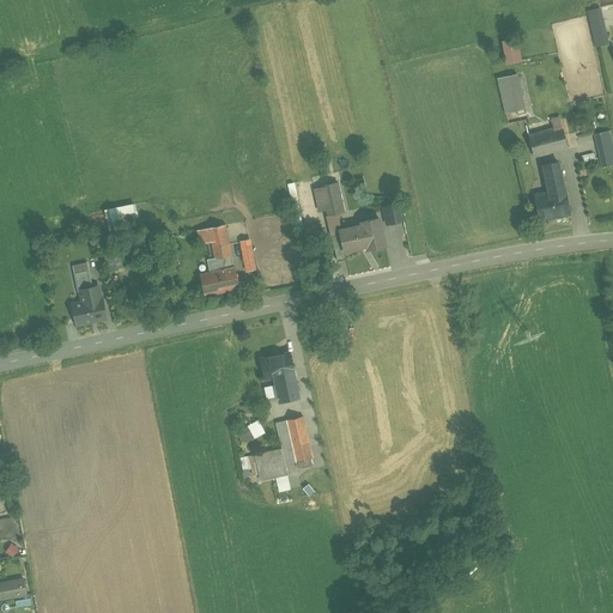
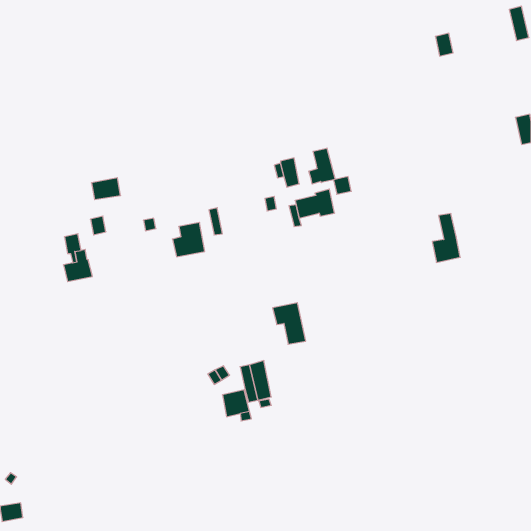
building: [497,74,526,114] -> none
building: [529,117,568,157] -> none
building: [536,163,569,219] -> [432,214,460,262]
building: none -> [309,148,335,184]
building: [198,226,230,260] -> none
building: [261,353,299,401] -> [273,303,306,344]

